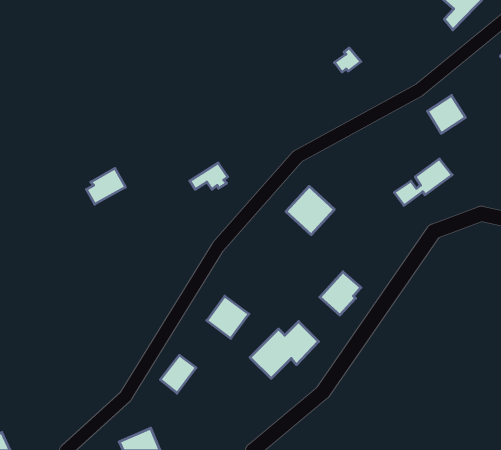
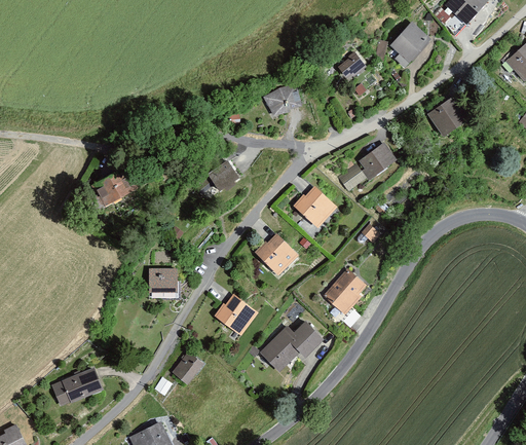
building: none -> [390,23,427,65]
building: none -> [265,85,300,113]
building: [394,159,452,205] -> [339,143,396,188]
building: none -> [253,231,300,279]
building: none -> [147,267,177,293]
building: none -> [55,368,102,406]

